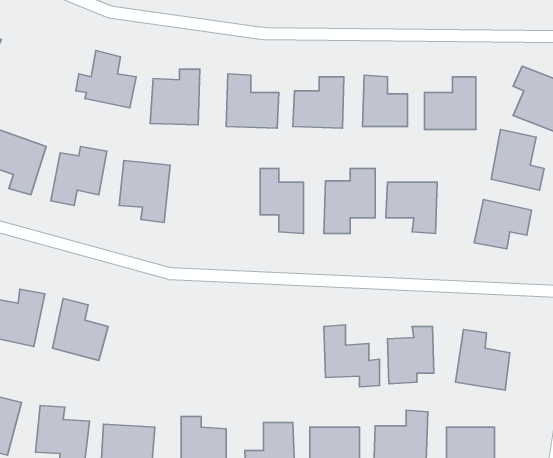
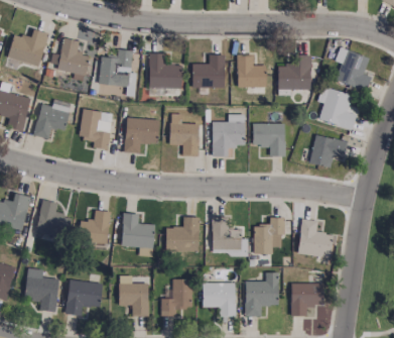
building: none -> [7,28,48,66]
building: none -> [125,118,158,152]
building: none -> [79,210,110,243]
building: none -> [122,213,154,256]
building: none -> [165,217,199,251]

